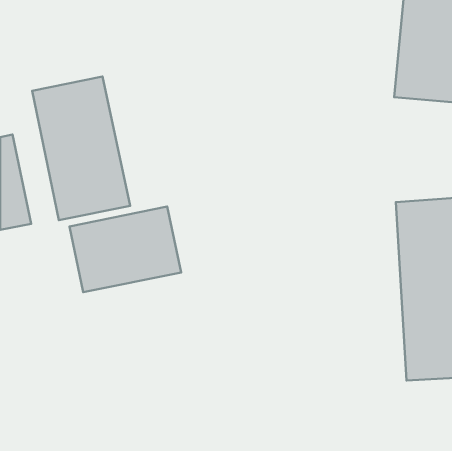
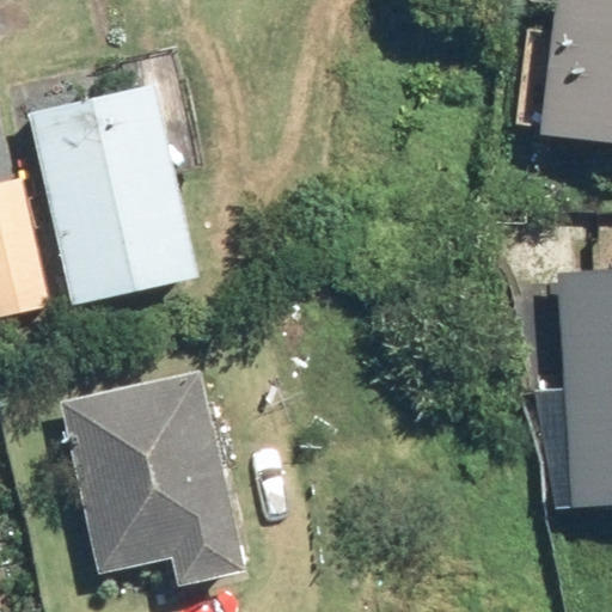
building: [69,206,181,292] -> none
building: none -> [71,378,235,579]

